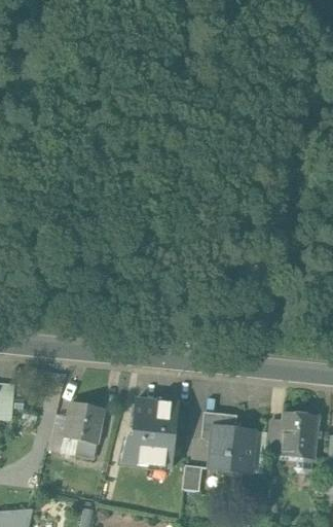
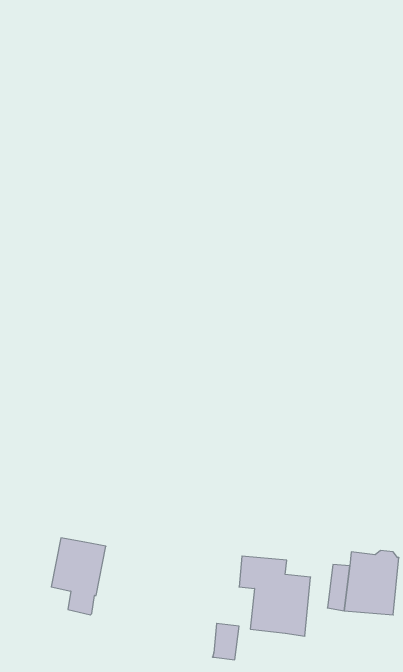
building: [121,399,179,468] -> none

